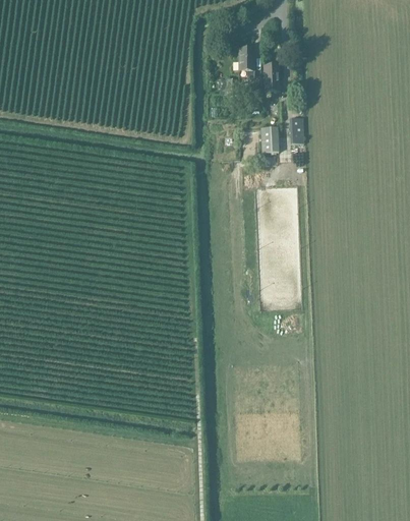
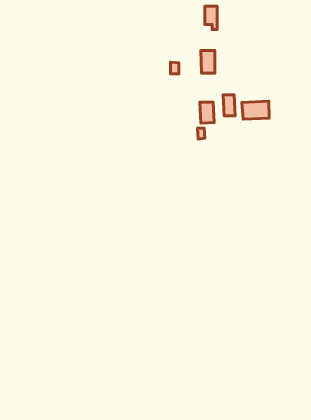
building: [239,48,254,76] -> [205,6,217,29]
building: none -> [242,101,269,119]

